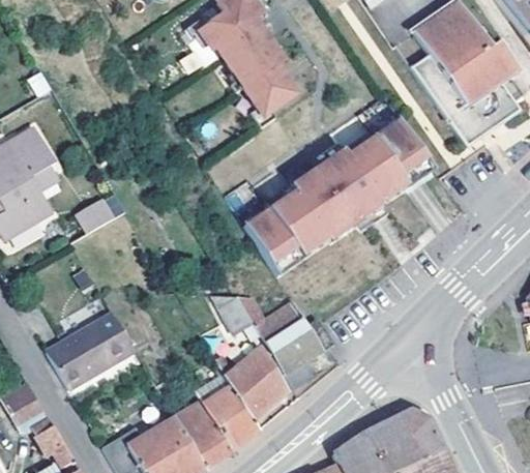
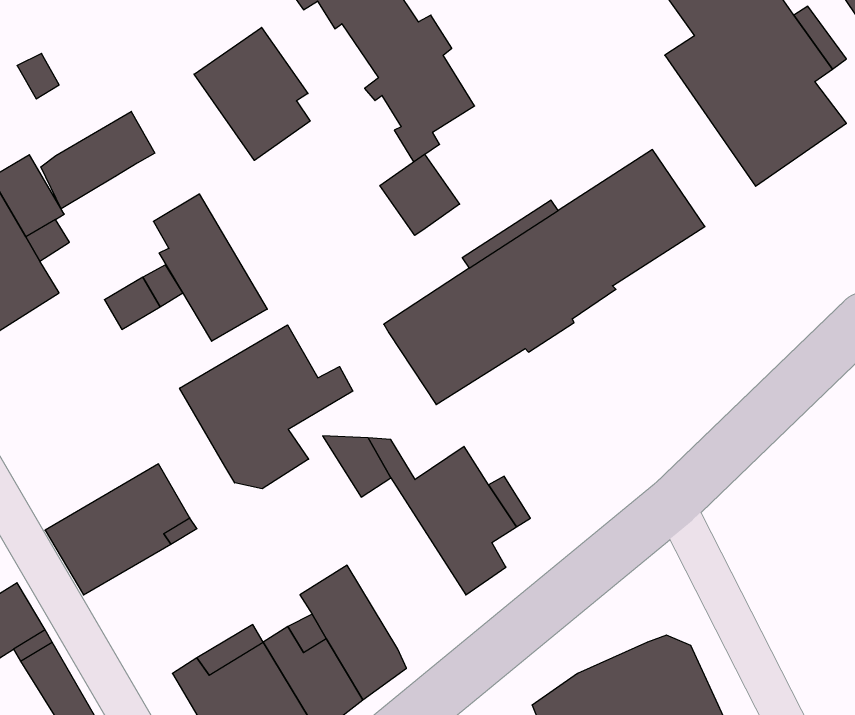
building: none -> [194,27,310,160]
building: none -> [41,111,155,209]
building: none -> [380,154,460,235]
building: none -> [153,194,267,341]
building: none -> [180,325,353,489]
building: [215,345,288,419] -> none

